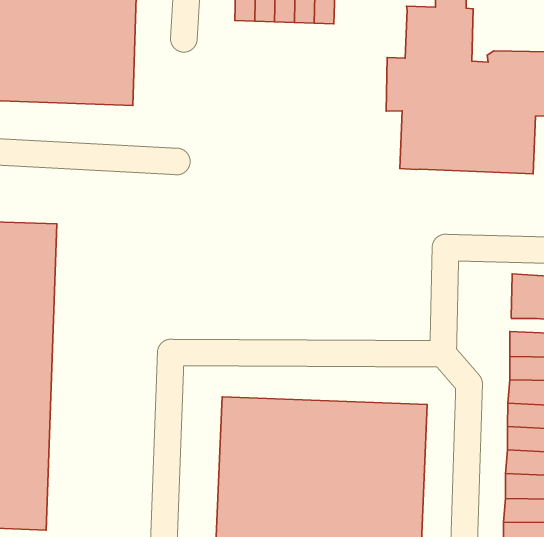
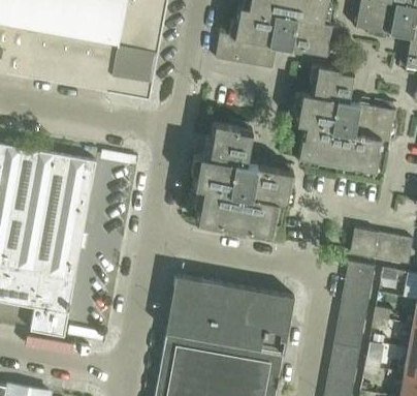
building: none -> [192,121,293,236]

